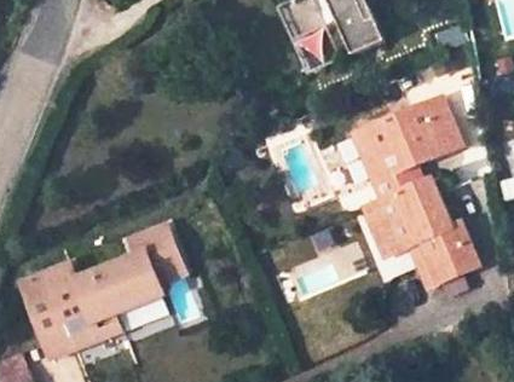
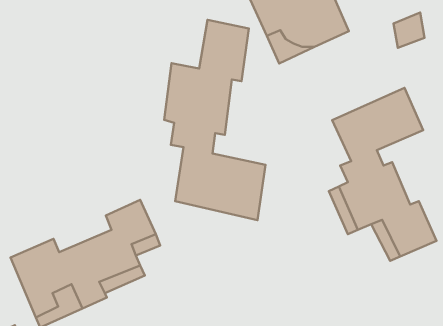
building: none -> [164,20,265,220]

